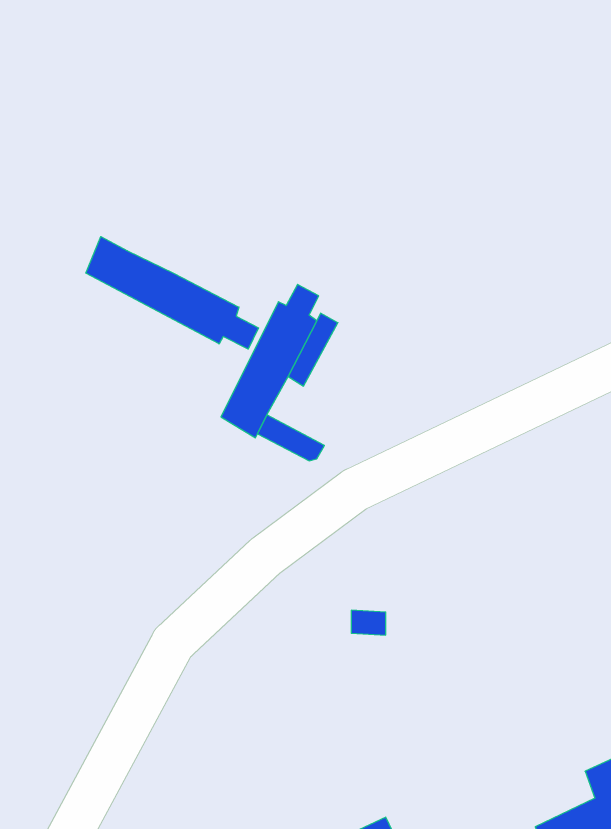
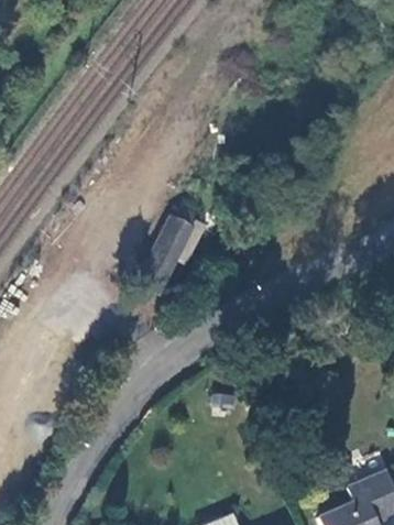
building: [86,237,259,349] -> none

